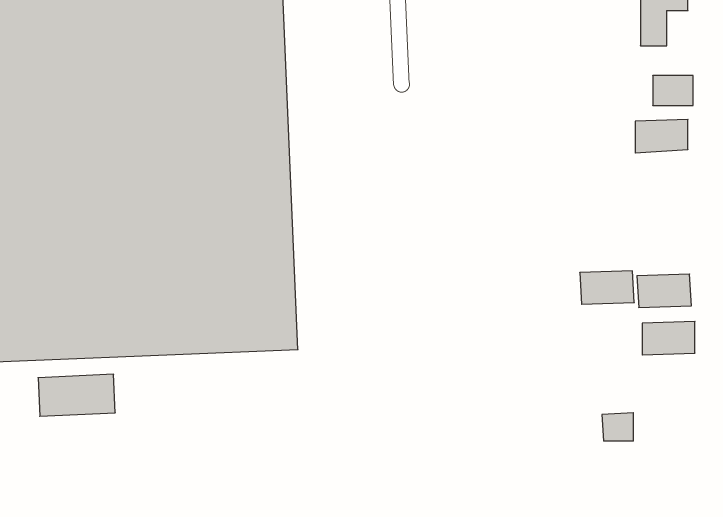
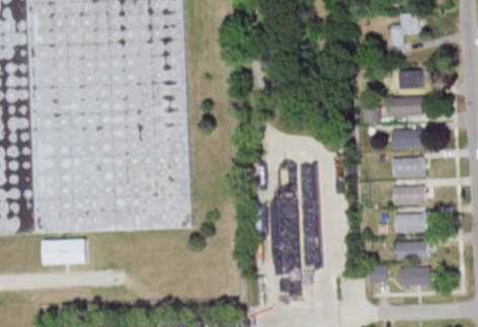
building: none -> [388,128,419,147]
building: [580,271,634,304] -> [388,156,419,175]
building: none -> [393,239,424,258]
building: none -> [395,265,426,284]

